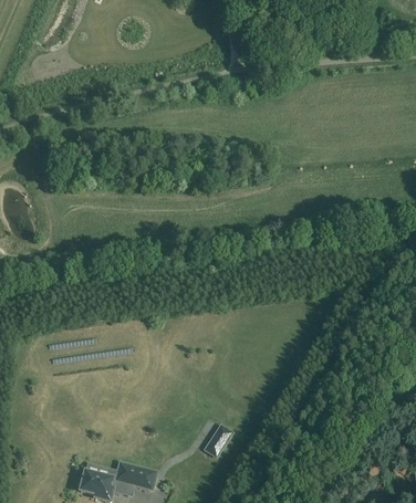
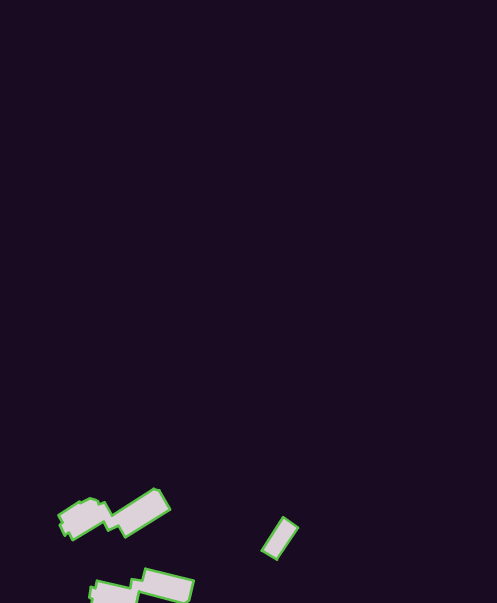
building: none -> [59,489,170,540]

